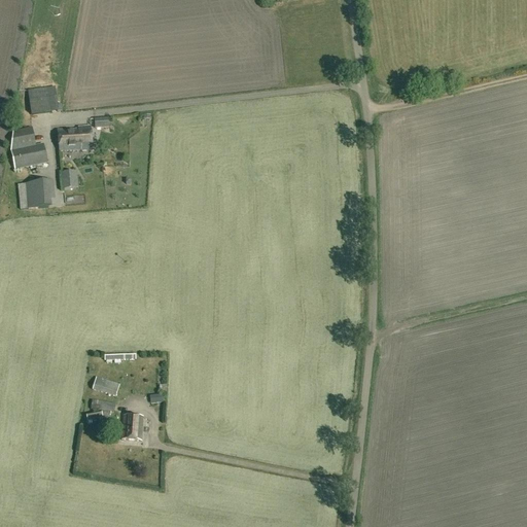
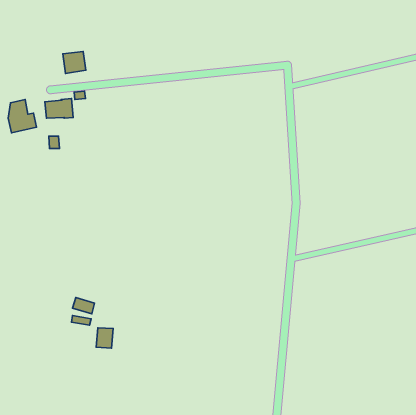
building: [28,85,57,113] -> [63,52,86,74]
building: [26,181,48,207] -> none

